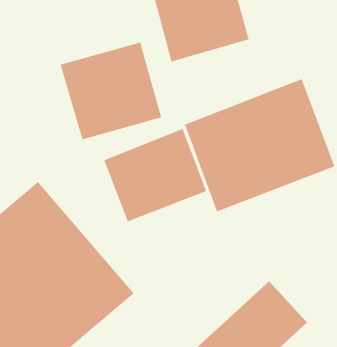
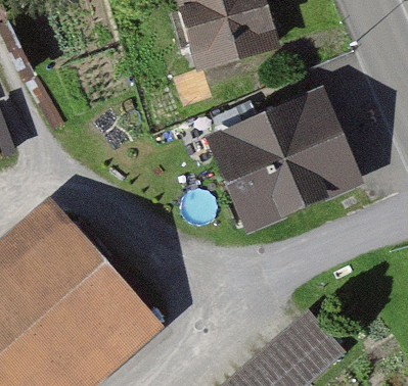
building: [60,42,162,140] -> none
building: [103,128,207,222] -> none

